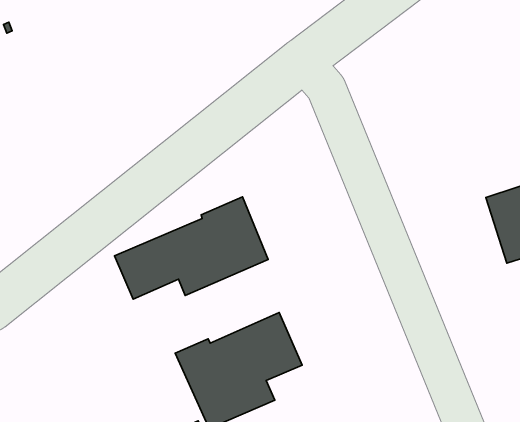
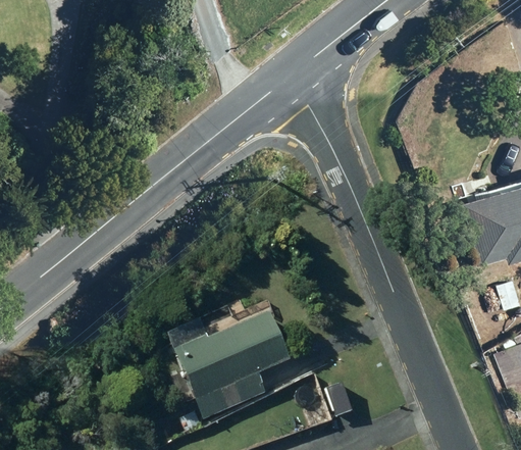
building: [115,197,268,299] -> none

